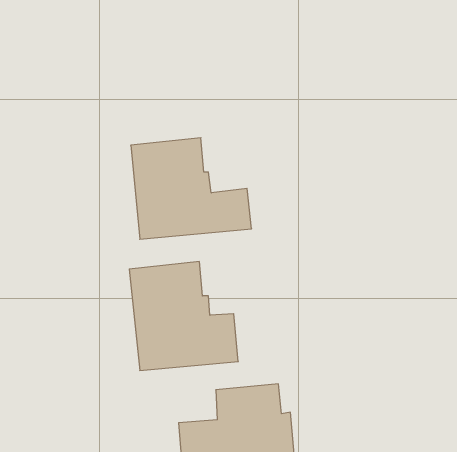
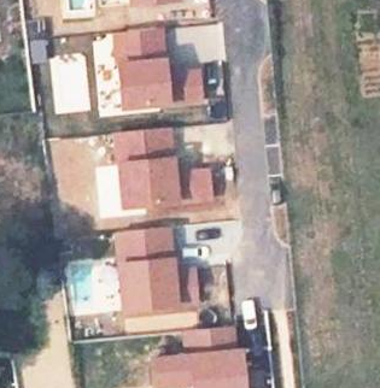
building: none -> [116,30,203,108]

